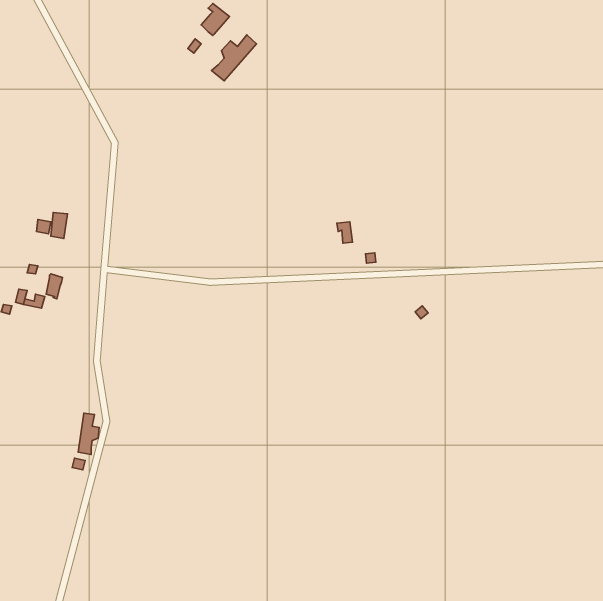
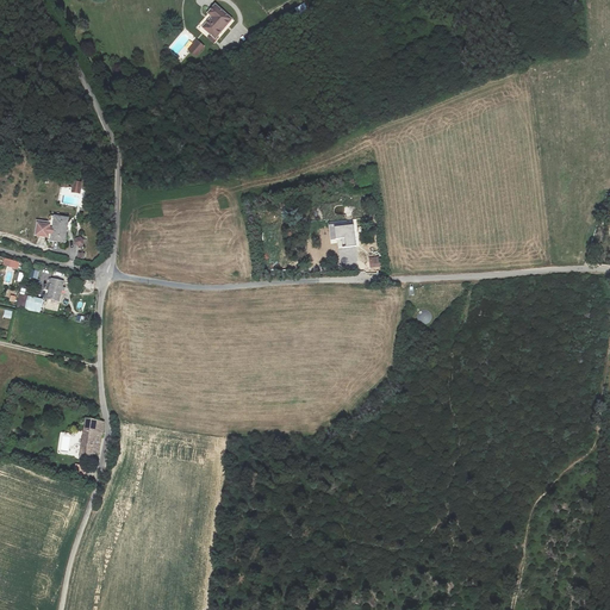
building: [212,35,256,81] -> none

